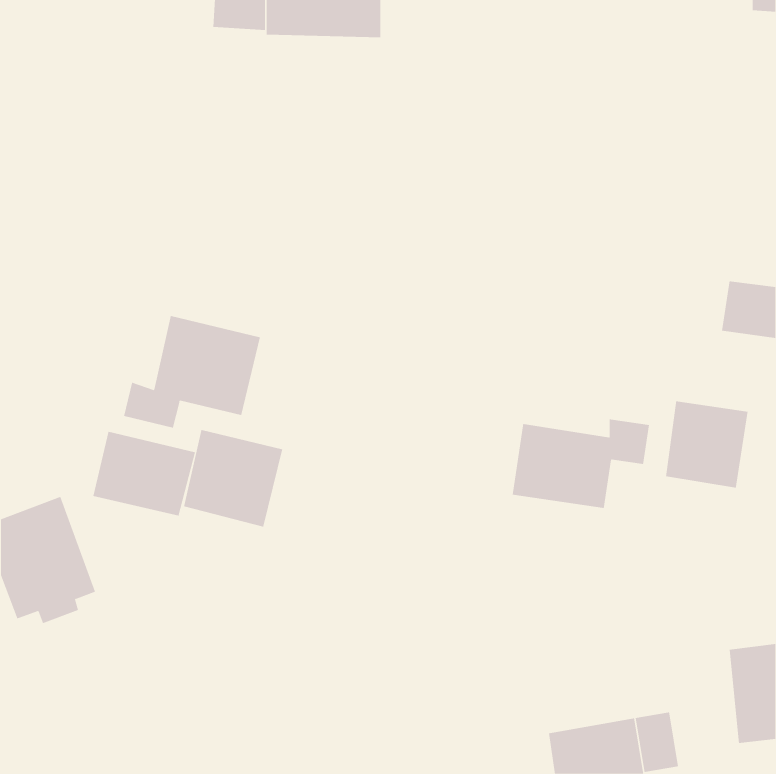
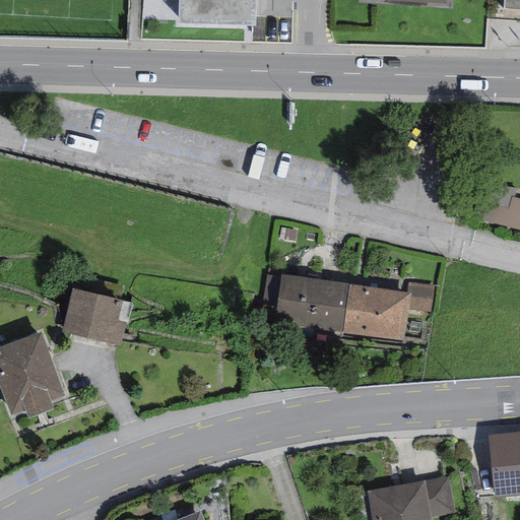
building: [123,315,260,428] -> none
building: [665,400,748,488] -> none
building: none -> [272,273,349,331]
building: [184,429,283,527] -> none

